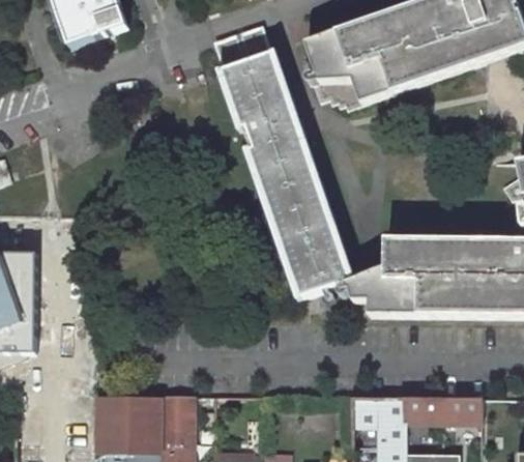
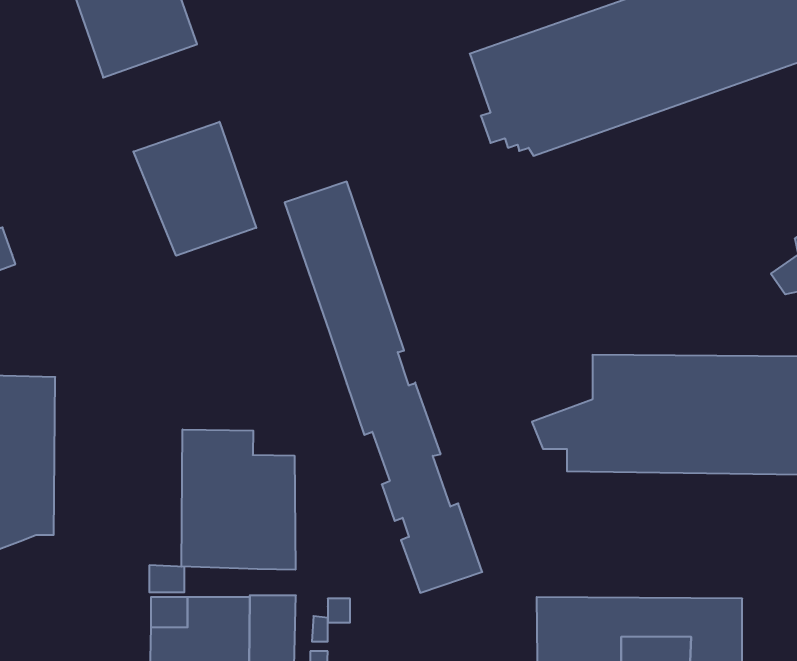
building: [219,28,347,295] -> [285,182,482,593]
building: none -> [133,122,256,256]
building: none -> [181,429,295,570]

